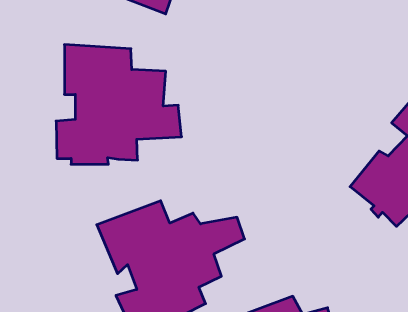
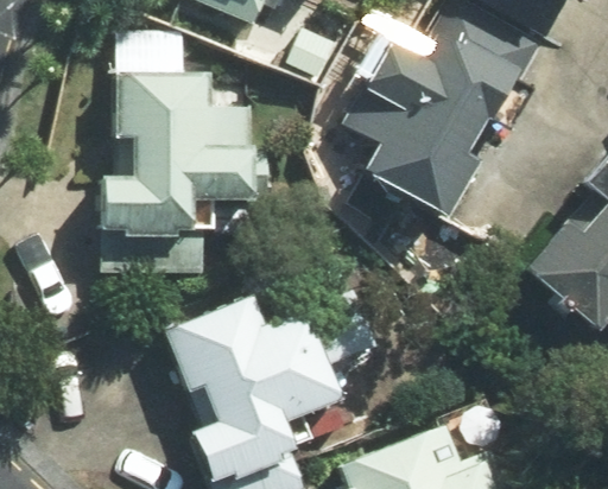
building: none -> [342,37,517,221]

